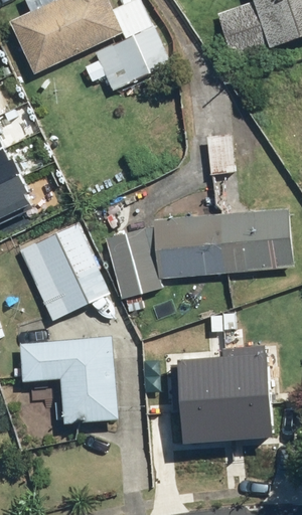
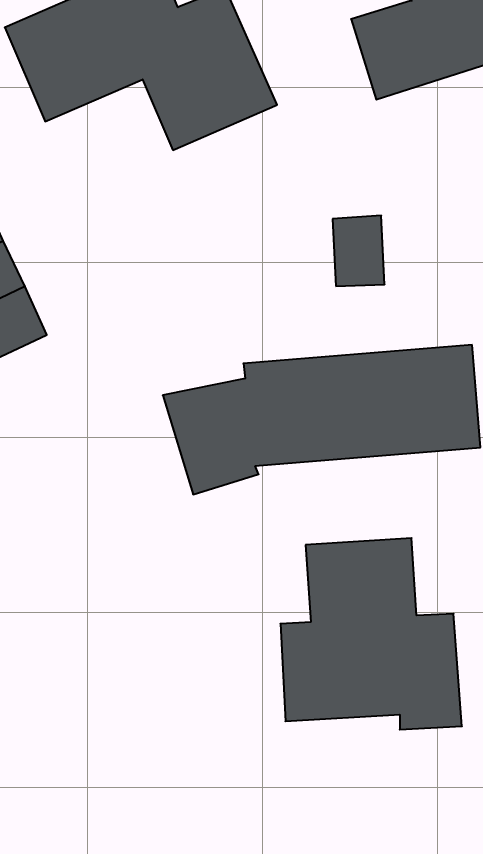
building: [16,222,110,323] -> none
building: [21,338,119,420] -> none

